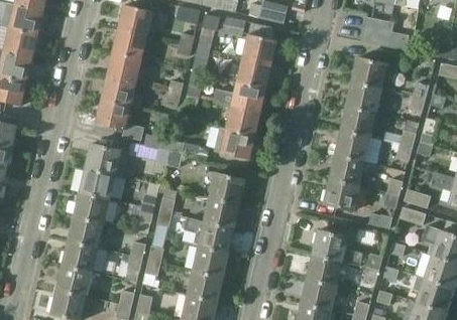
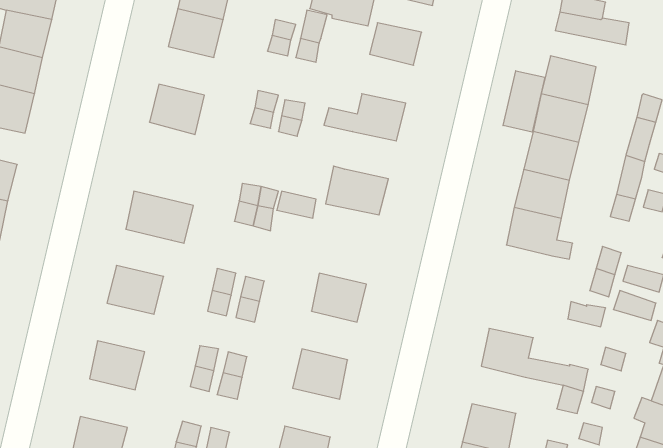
building: [107,50,142,82] -> none
building: [237,55,270,87] -> none
building: none -> [503,71,545,132]
building: [95,99,143,140] -> none
building: [226,105,259,135] -> none
building: [80,167,115,197] -> none
building: [210,172,245,202] -> none
building: [324,177,359,211] -> none
building: [68,214,104,246] -> none
building: [185,217,234,251] -> none
building: [308,255,342,285] -> none
building: [56,263,92,294] -> none
building: [188,269,223,300] -> none

